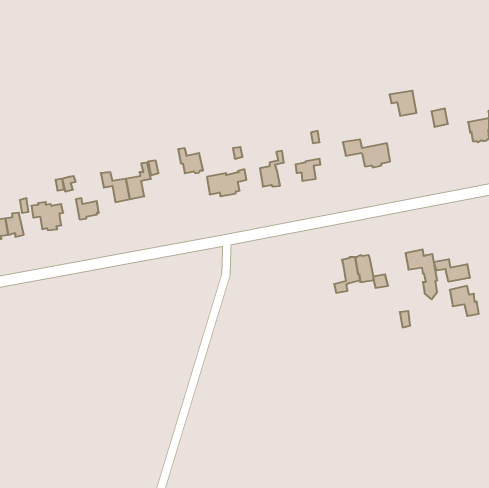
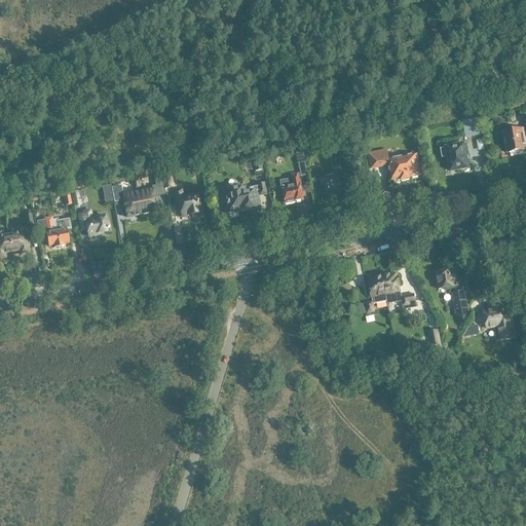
building: [389,91,416,116] -> [439,143,467,170]
building: [178,148,203,173] -> [173,188,199,215]
building: [434,259,470,282] -> none

